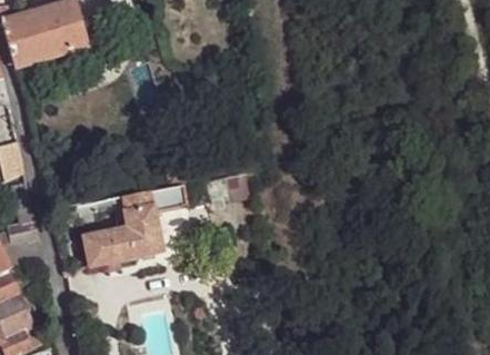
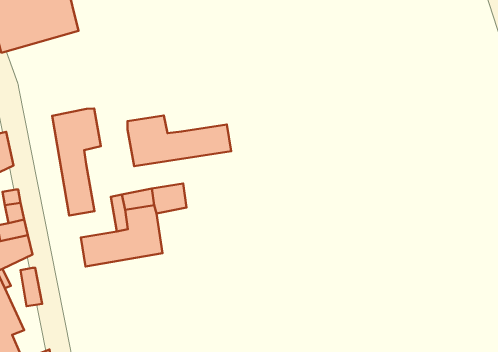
building: none -> [52,109,101,216]
building: none -> [127,115,231,166]

